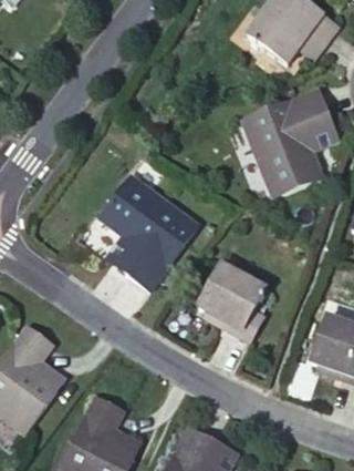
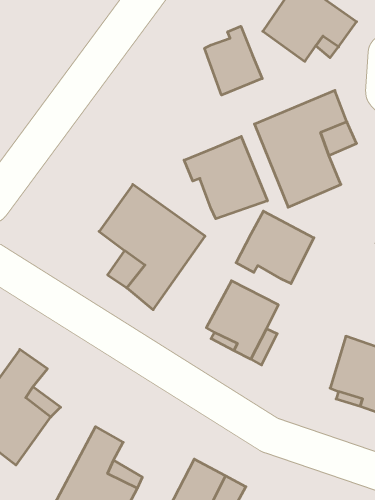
building: none -> [205,26,262,95]
building: none -> [184,136,267,219]
building: none -> [236,211,314,284]

